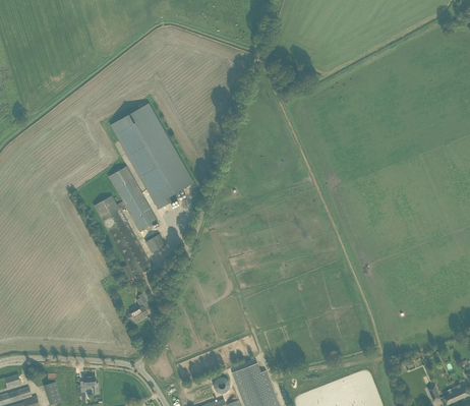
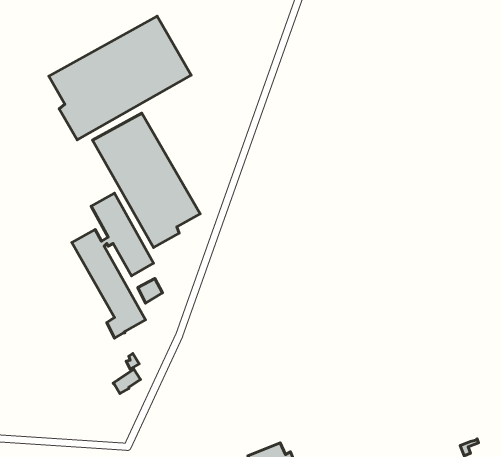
building: none -> [49,16,191,140]

